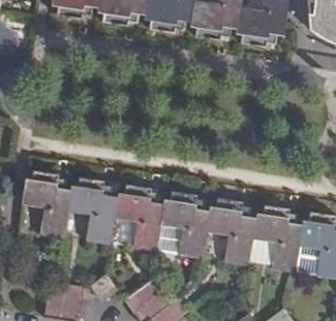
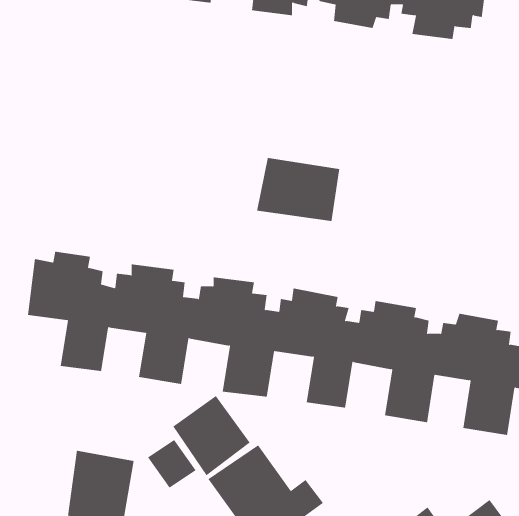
building: none -> [257,157,340,222]
building: none -> [173,395,251,476]

